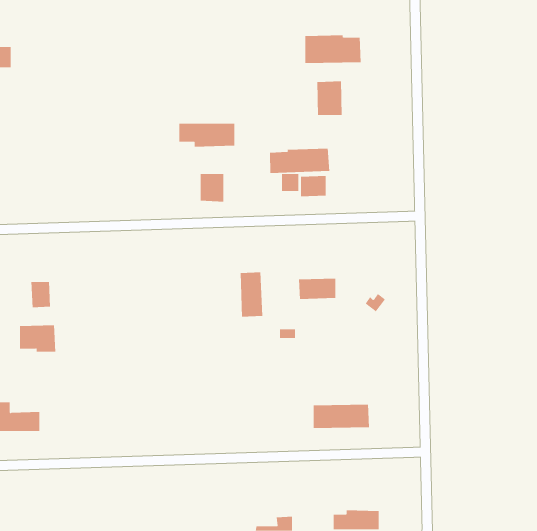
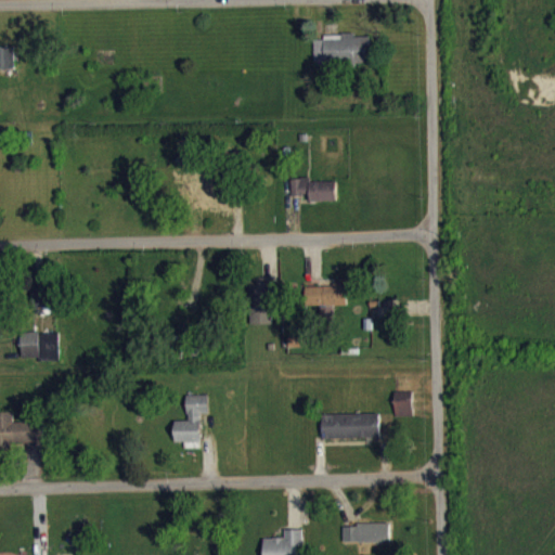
building: [317,80,342,116] -> none
building: [179,123,235,148] -> none
building: [269,148,330,174] -> none
building: none -> [392,391,411,416]
building: none -> [173,395,207,441]

